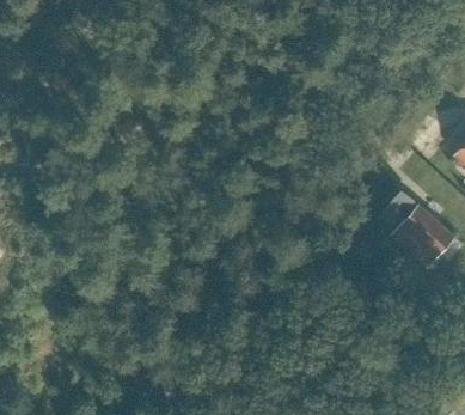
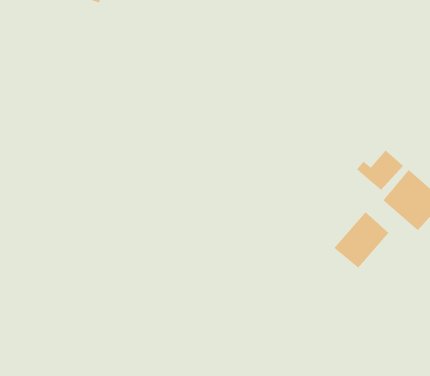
building: none -> [333,212,389,268]

